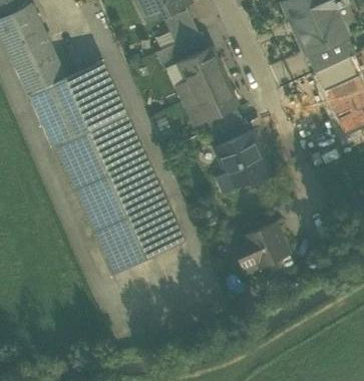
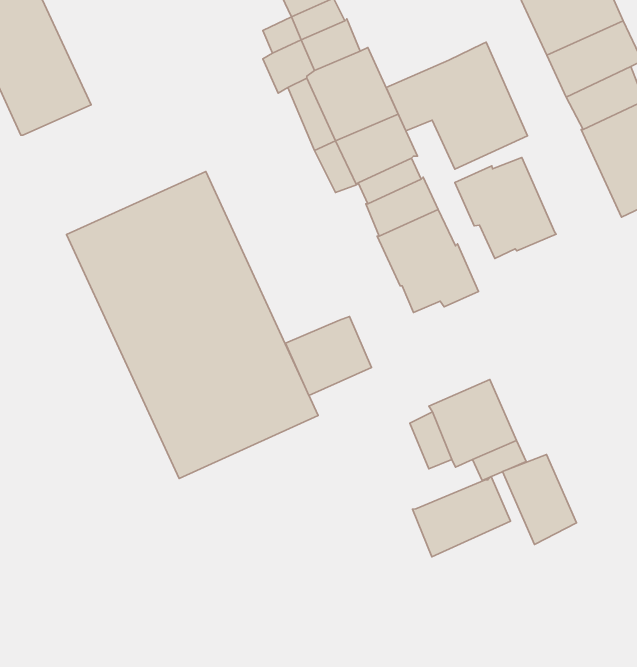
building: none -> [386,42,527,169]
building: [30,61,126,145] -> none
building: none -> [455,157,556,259]
building: none -> [286,317,371,396]
building: none -> [503,454,576,544]
building: none -> [413,477,510,557]

